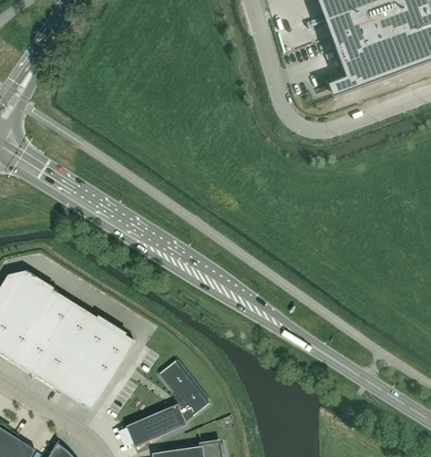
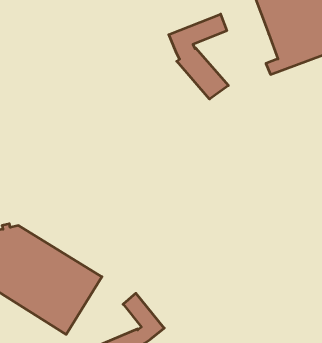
building: none -> [169,14,228,99]

